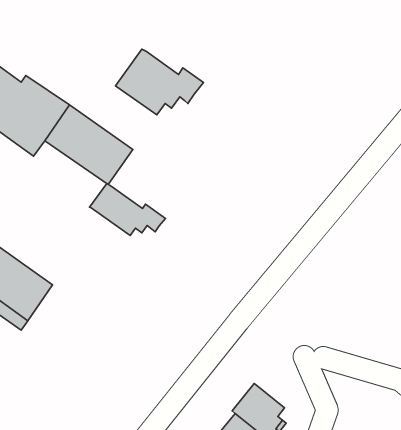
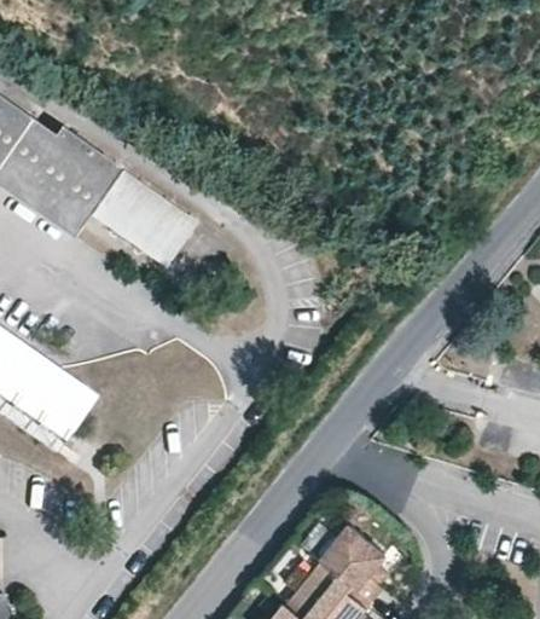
building: [115,49,204,115] -> none
building: [90,184,166,235] -> none

